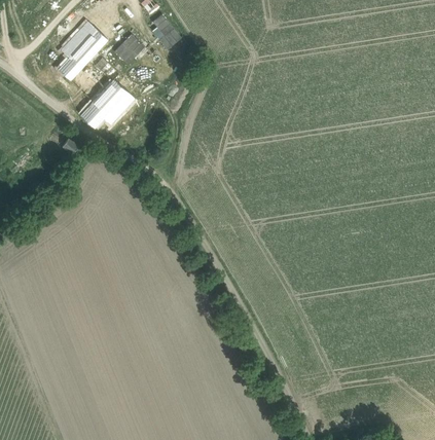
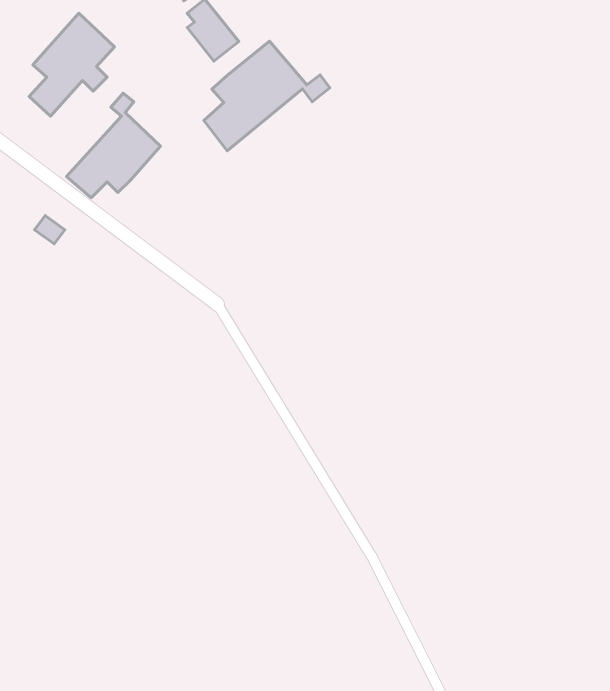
building: [114,34,146,62] -> none
building: none -> [204,41,330,151]

